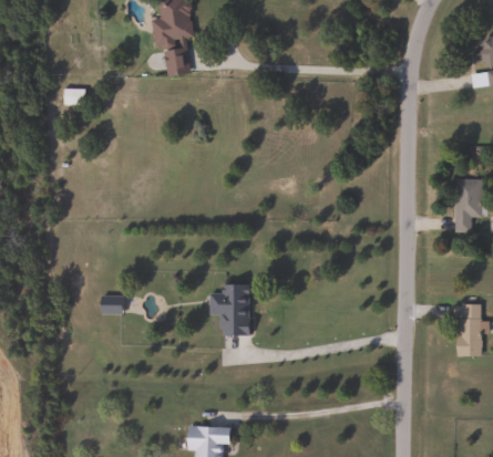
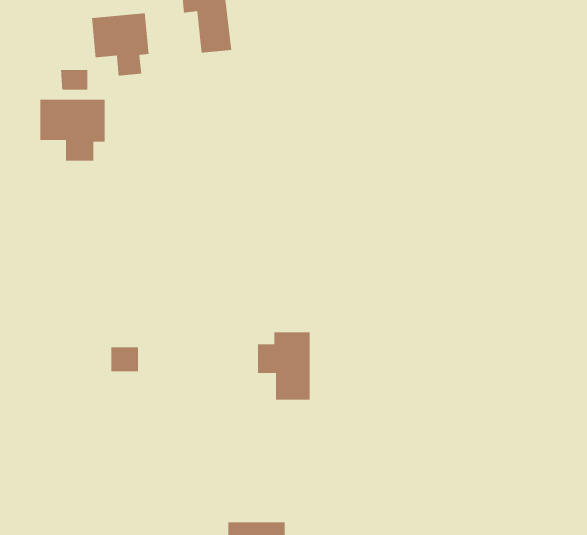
building: none -> [91,12,149,76]
building: none -> [40,99,105,162]

